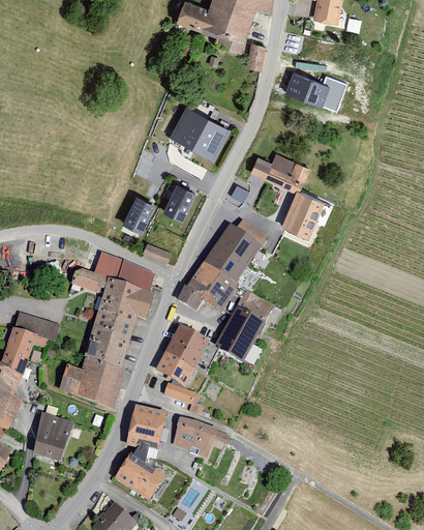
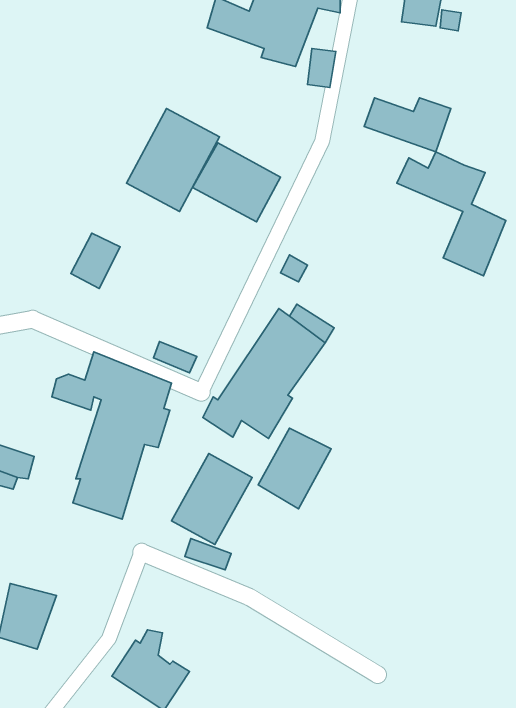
building: none -> [126,108,219,212]
building: [250,153,326,239] -> [397,152,506,276]
building: [161,185,195,224] -> none
building: [121,197,155,235] -> [71,233,120,289]
building: [236,290,273,319] -> none
building: [57,356,126,409] -> none
building: [126,404,166,448] -> none
building: [173,415,218,458] -> none

